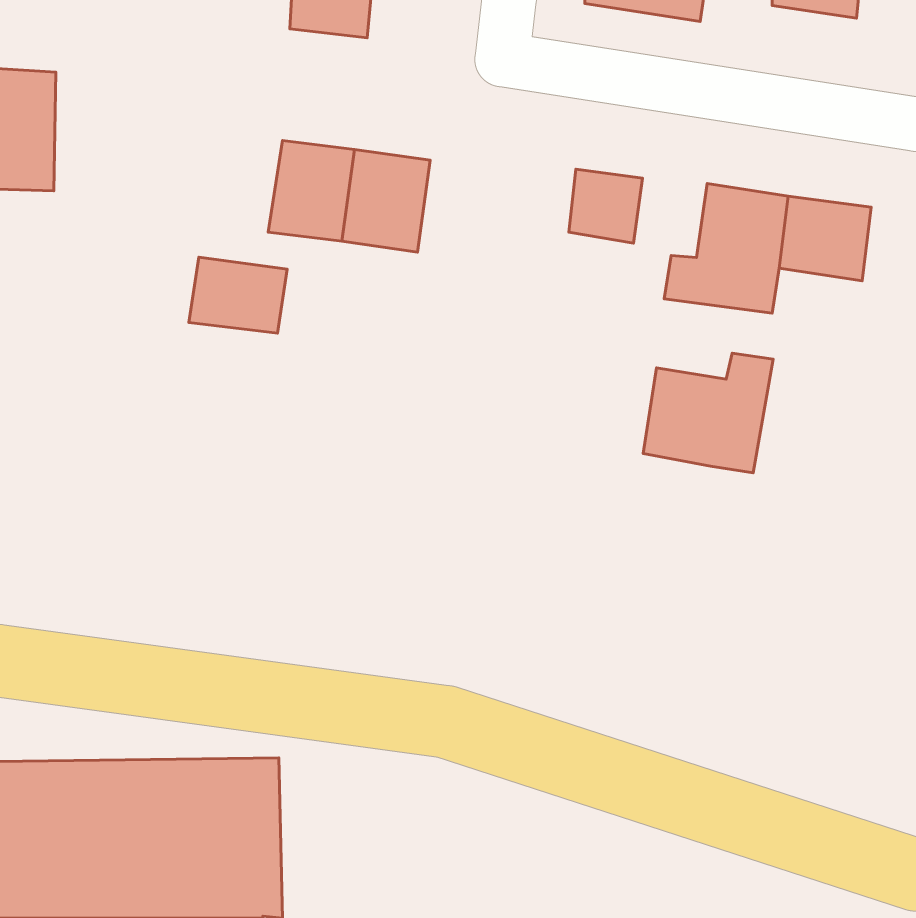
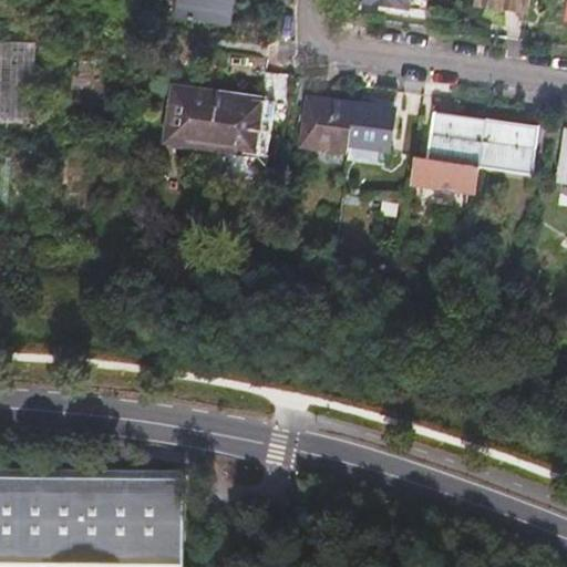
building: none -> [299,96,354,153]
building: [189,257,287,333] -> none
building: [643,353,773,473] -> none

